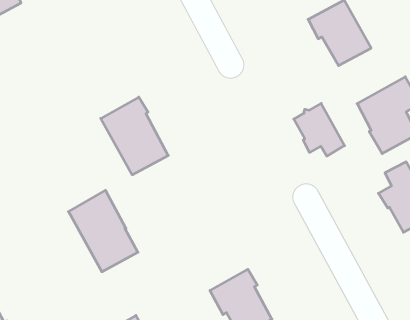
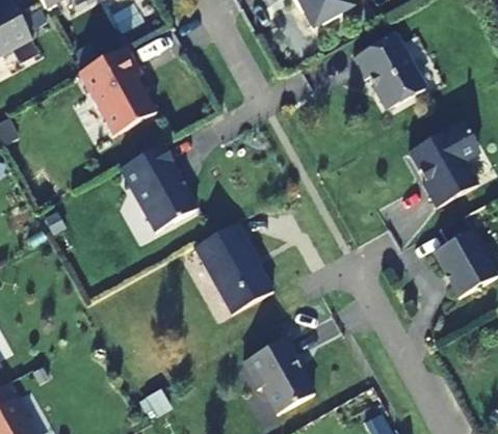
building: none -> [79,45,156,134]
building: [294,103,345,156] -> none
building: [68,190,138,272] -> [194,221,272,313]

